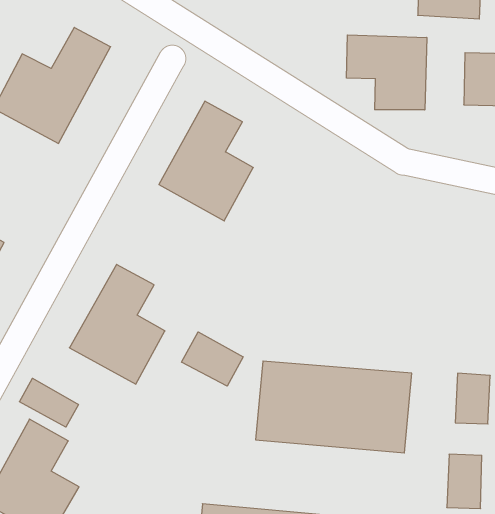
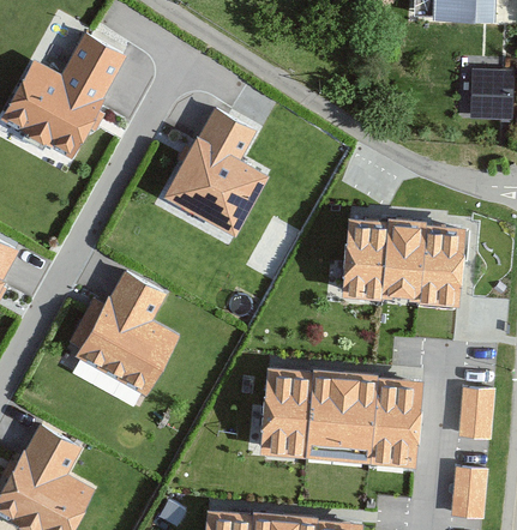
building: [347,35,427,110] -> none
building: none -> [345,218,459,296]
building: [182,332,243,386] -> none
building: [19,378,78,427] -> none

